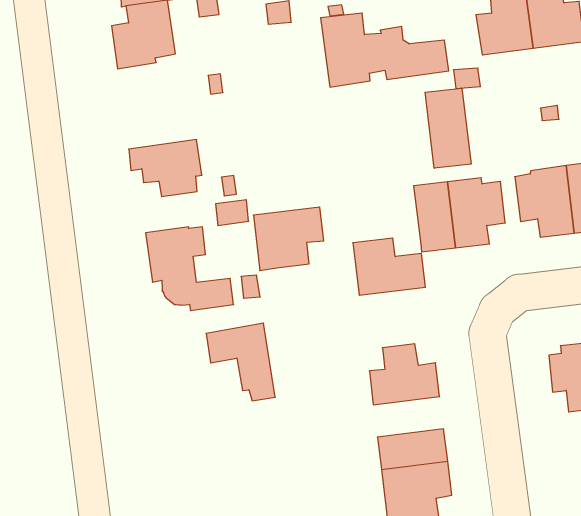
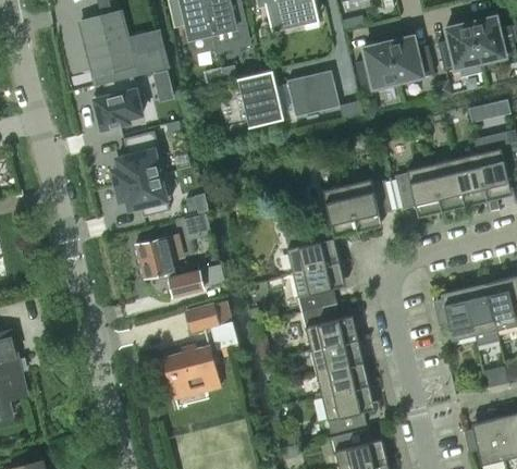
building: none -> [112,132,164,186]
building: [425,88,471,168] -> none
building: [253,207,324,271] -> [293,262,345,312]
building: none -> [164,346,221,394]
building: none -> [311,340,364,373]

